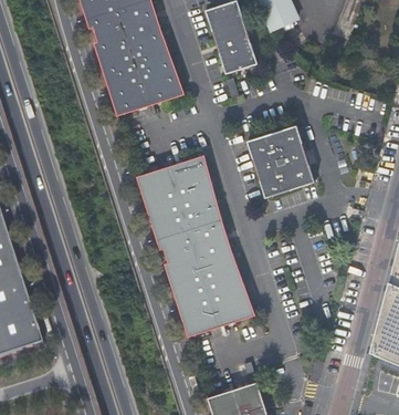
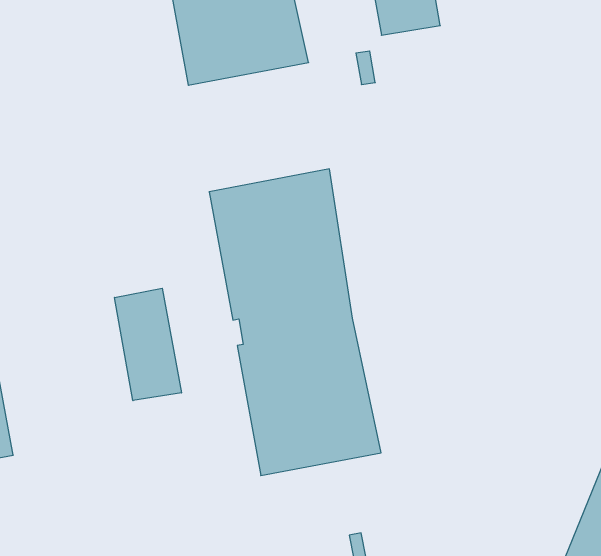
building: [246,126,308,198] -> none
building: none -> [115,288,181,401]

